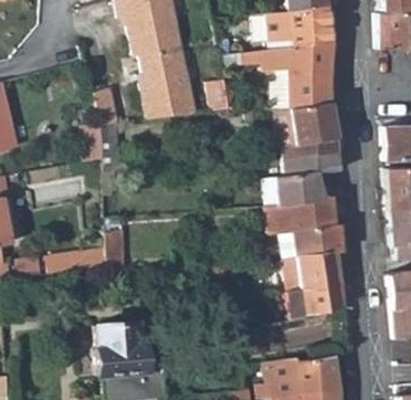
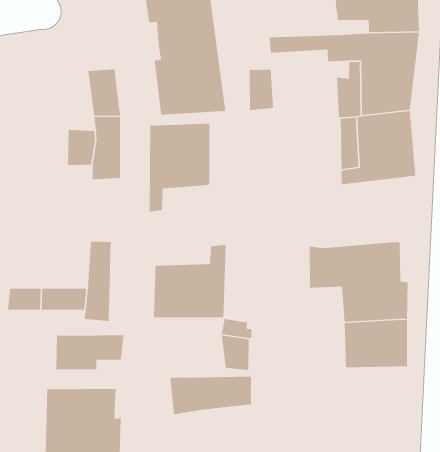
building: none -> [149,123,210,213]
building: [275,148,342,207] -> none
building: none -> [153,244,227,318]
building: none -> [55,334,125,370]
building: [287,287,349,322] -> [170,376,252,415]

